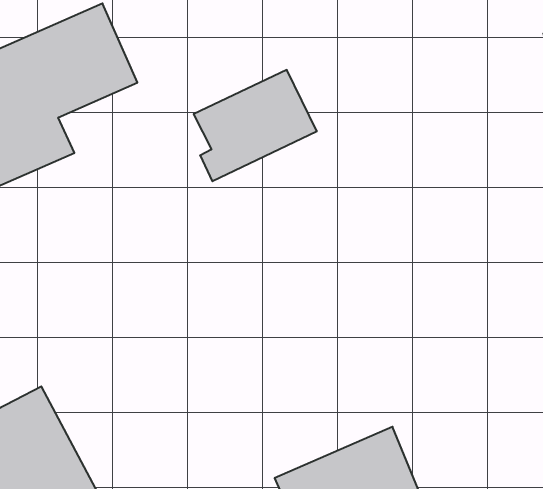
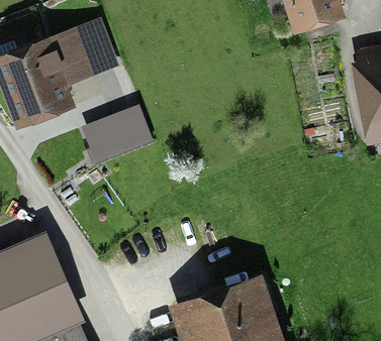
building: [194,70,317,181] -> [81,104,155,167]

